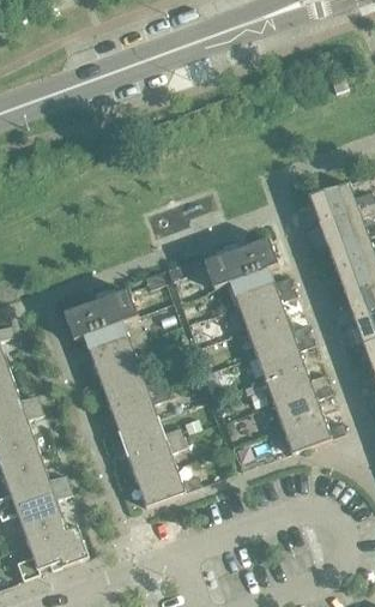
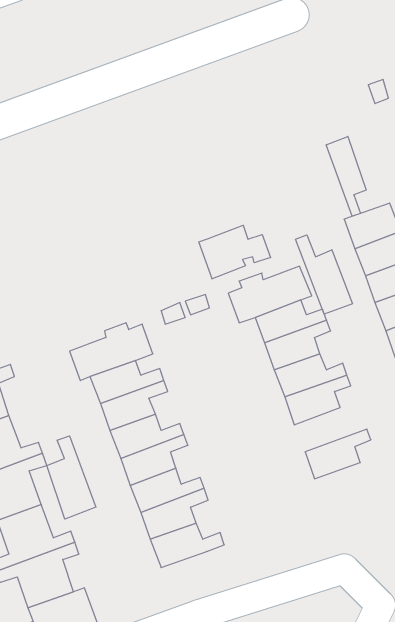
building: none -> [326,136,366,216]
building: none -> [199,225,271,279]
building: none -> [296,235,352,314]
building: [264,365,328,404] -> none
building: none -> [47,436,96,519]
building: [282,414,346,455] -> none

